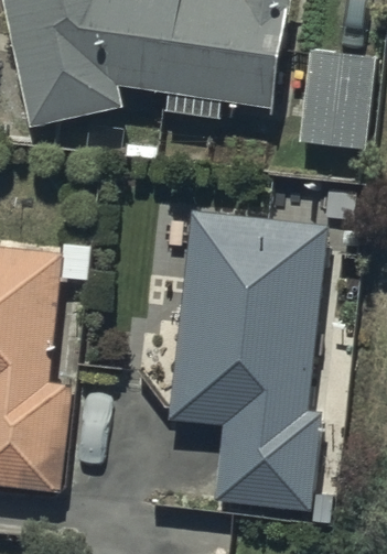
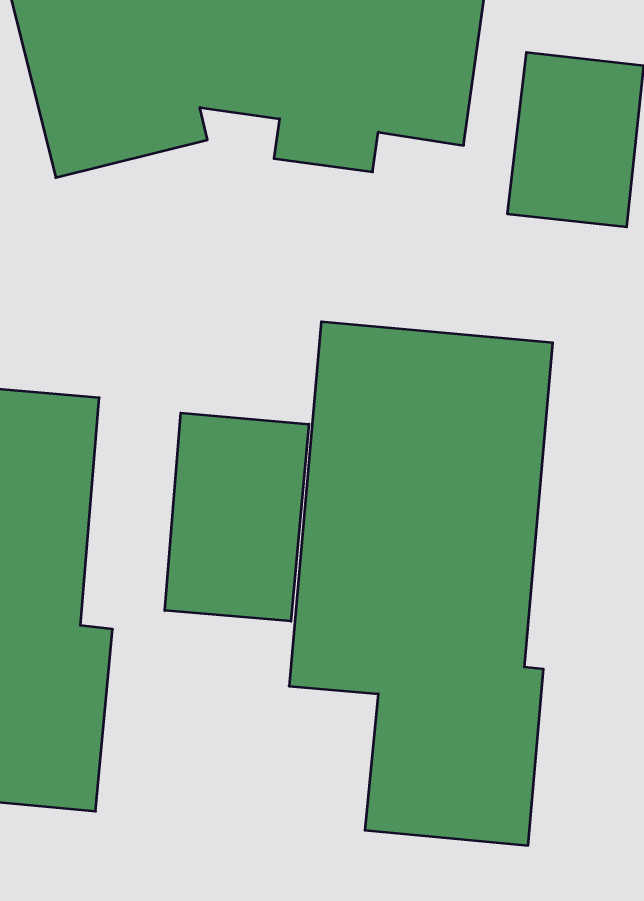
building: none -> [165,413,309,621]

